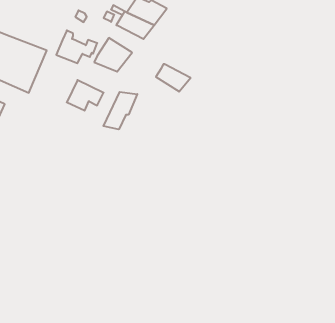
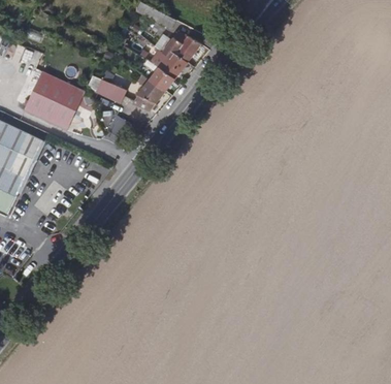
building: [156,64,191,92] -> [145,63,180,90]
building: [103,92,137,129] -> none

